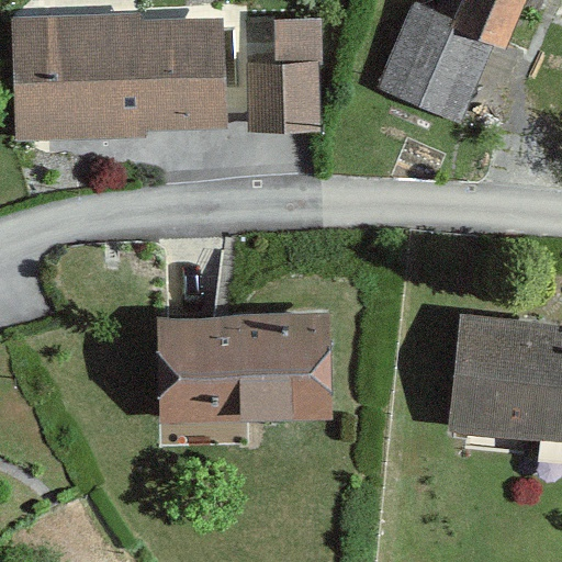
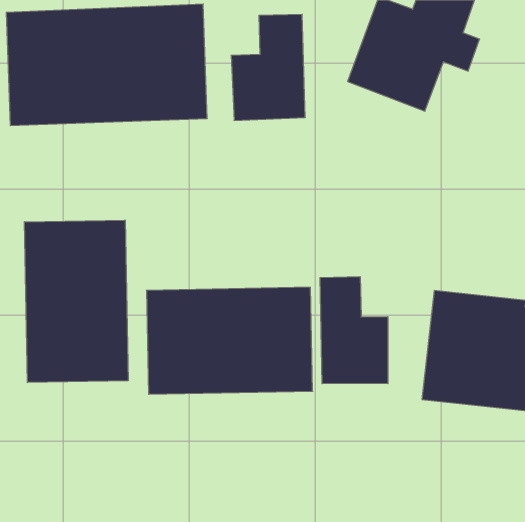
building: none -> [24,220,128,383]
building: none -> [320,277,388,384]

